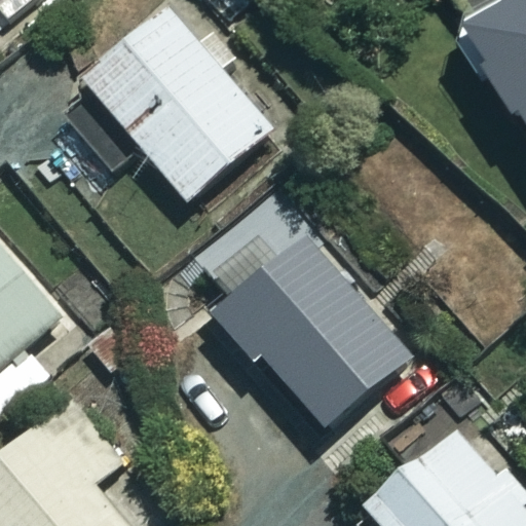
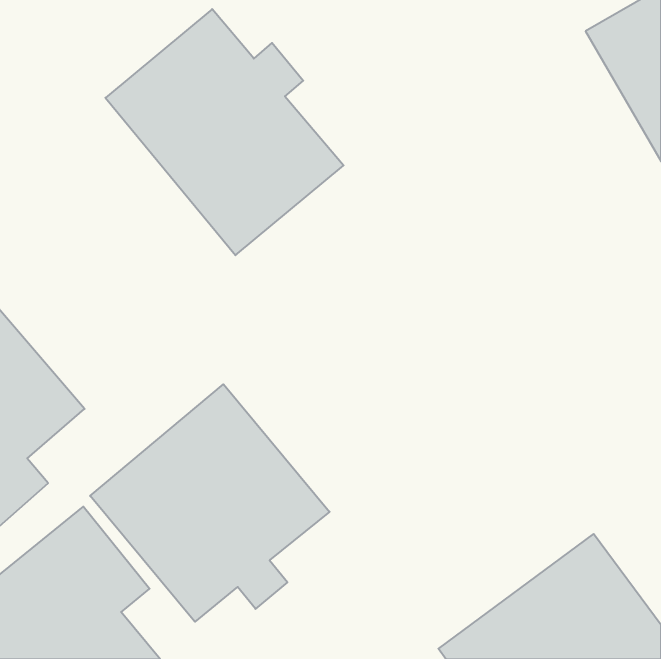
building: [212,232,410,428] -> none
building: none -> [90,384,330,622]

